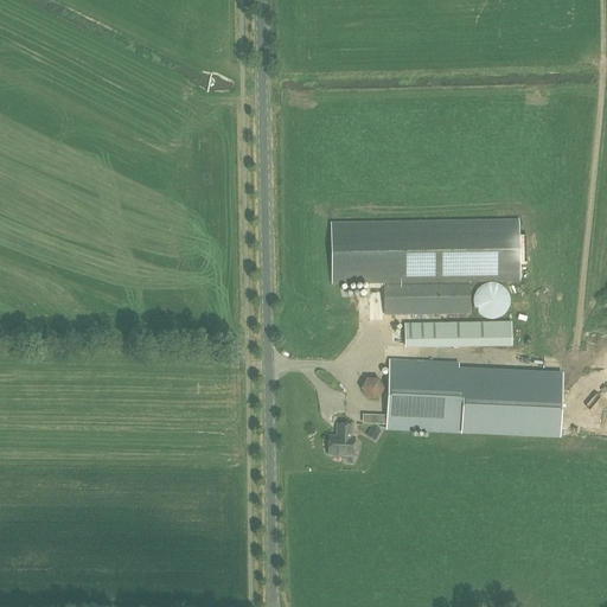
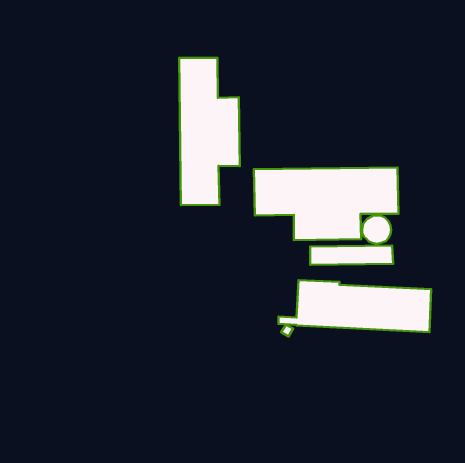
building: none -> [179,58,240,205]
building: [328,422,354,453] -> none

